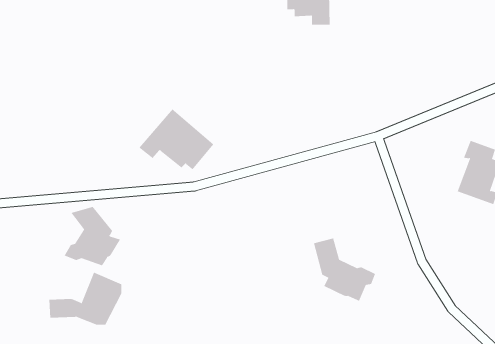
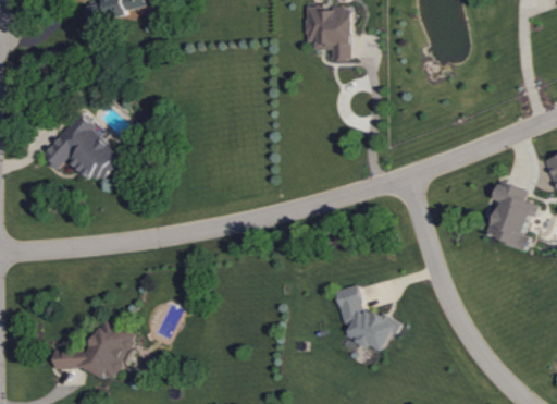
building: [138,109,214,170] -> [41,115,122,181]
building: [64,206,121,266] -> none

